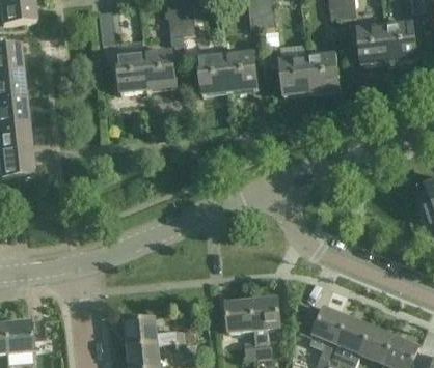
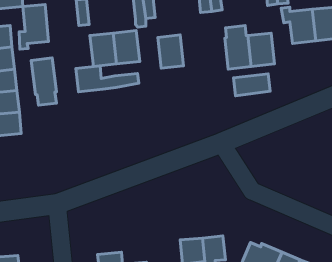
building: none -> [19,4,49,49]
building: [225,53,257,93] -> none
building: none -> [31,58,57,105]
building: none -> [76,66,139,92]
building: none -> [233,74,270,96]

